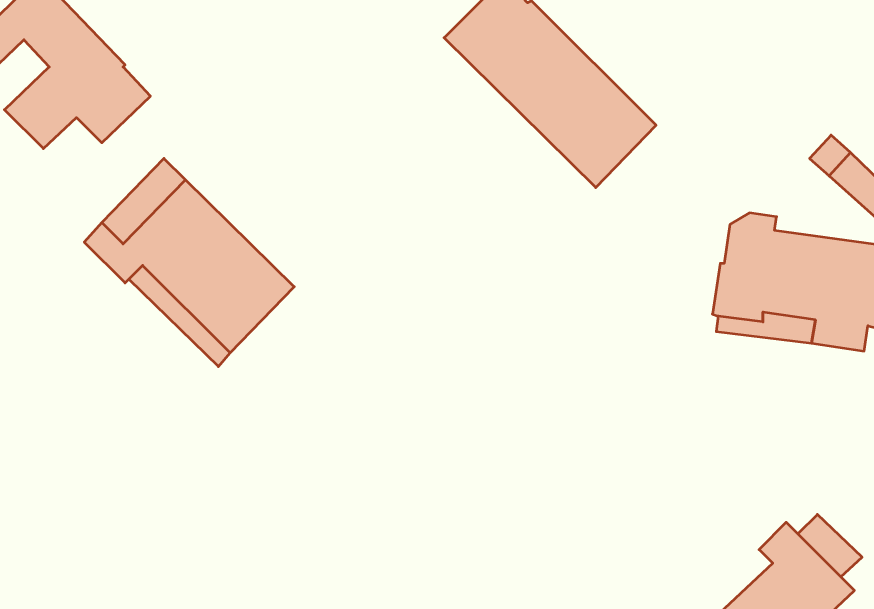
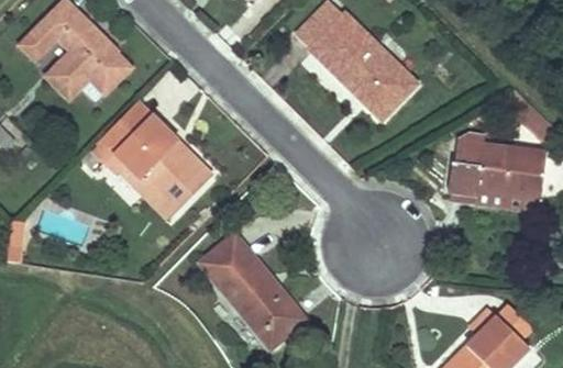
building: none -> [201,234,305,346]

